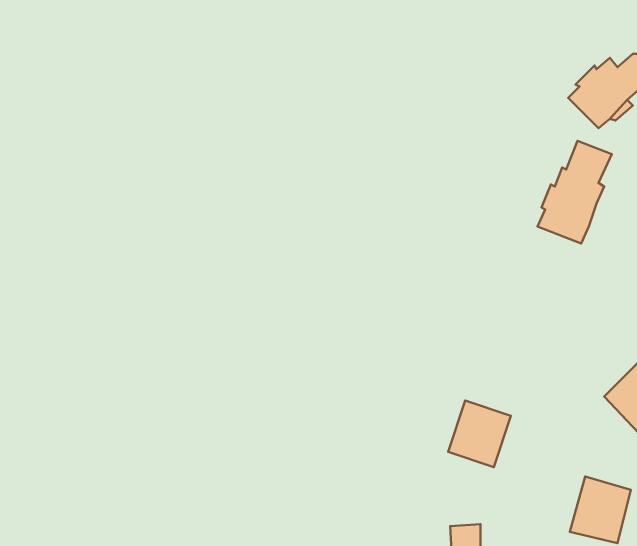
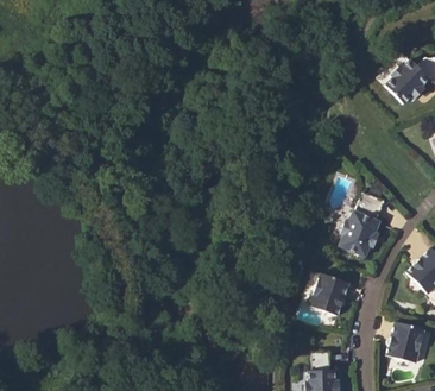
building: [538,141,612,244] -> [339,194,385,258]

